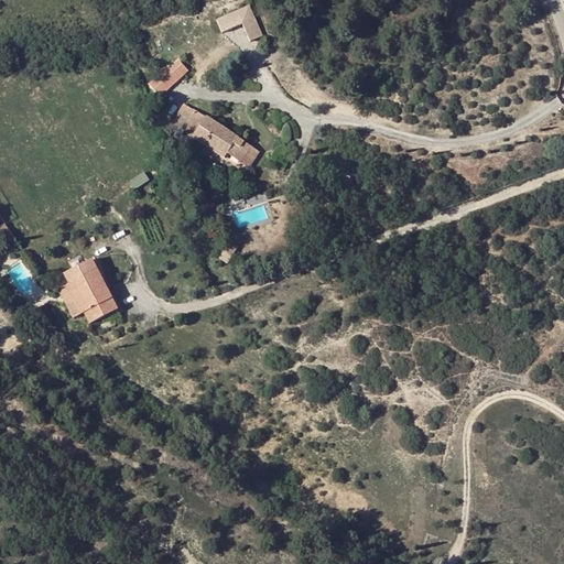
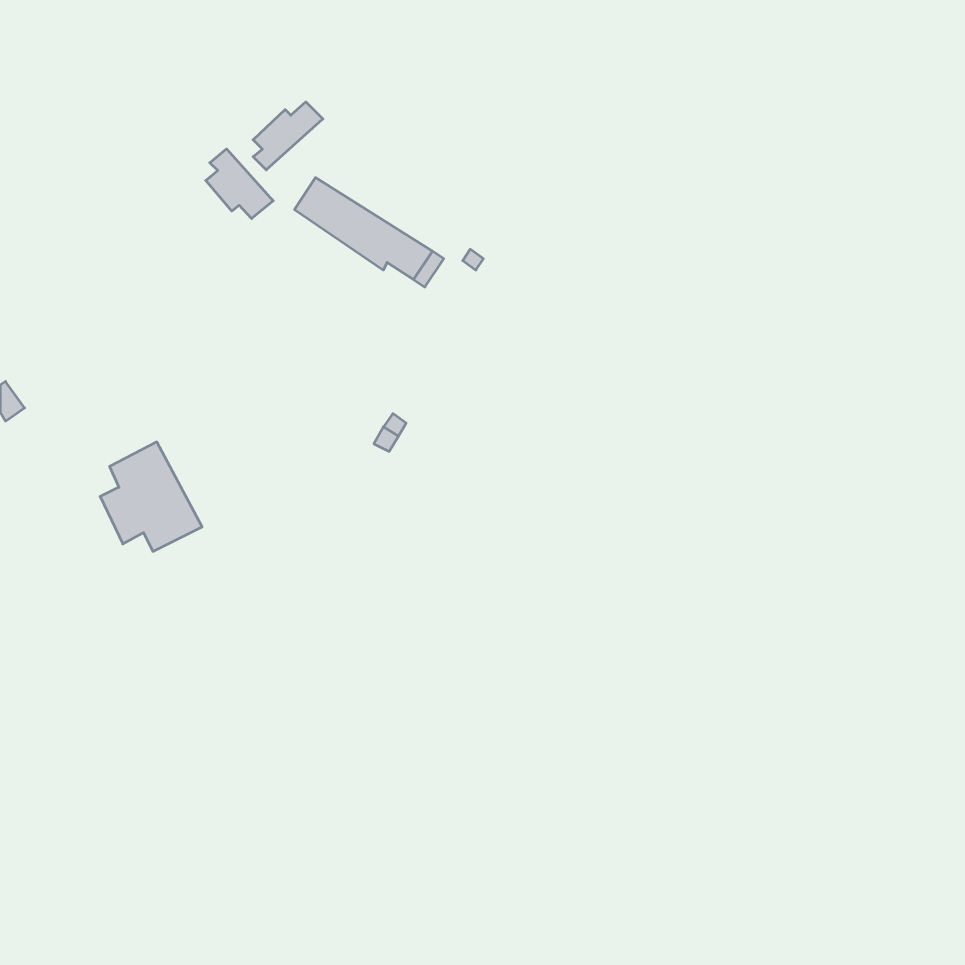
building: [216,4,262,41] -> none
building: none -> [206,149,273,219]

